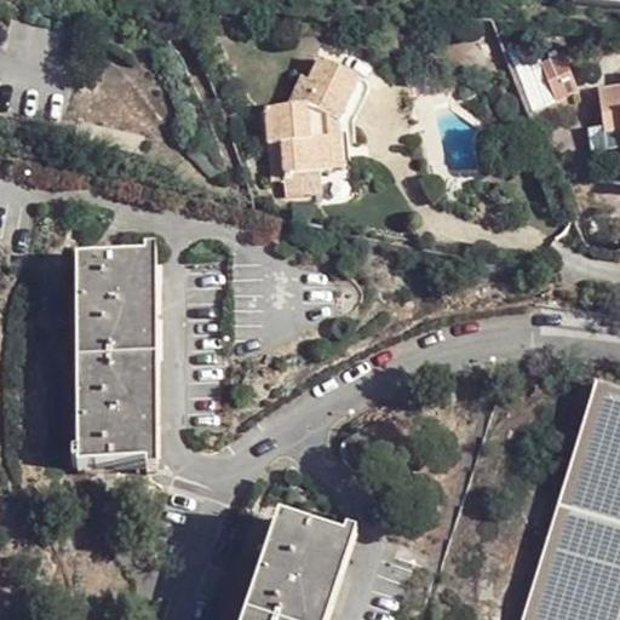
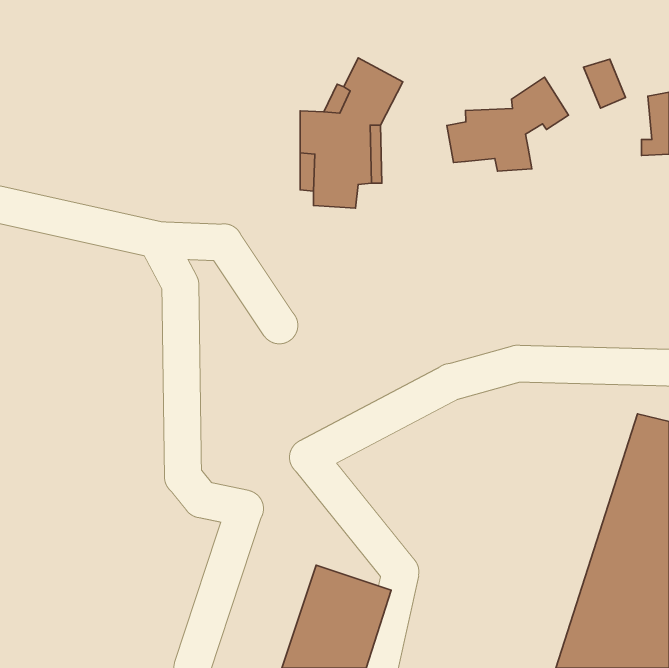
building: none -> [447,77,569,171]
building: [76,257,159,464] -> none

